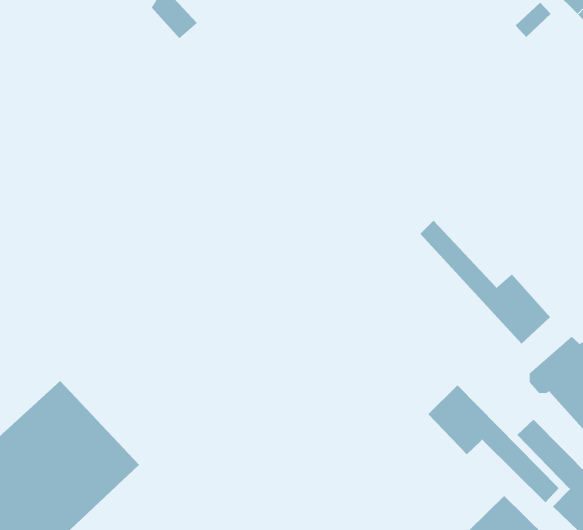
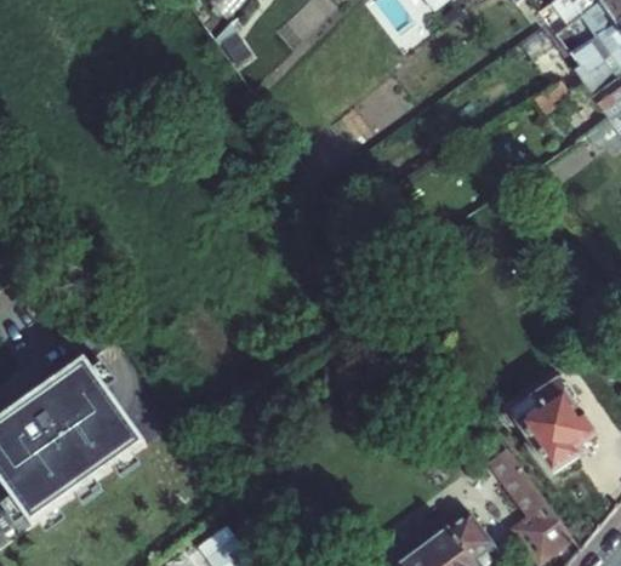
building: [419,220,551,344] -> none
building: [427,385,560,503] -> none

